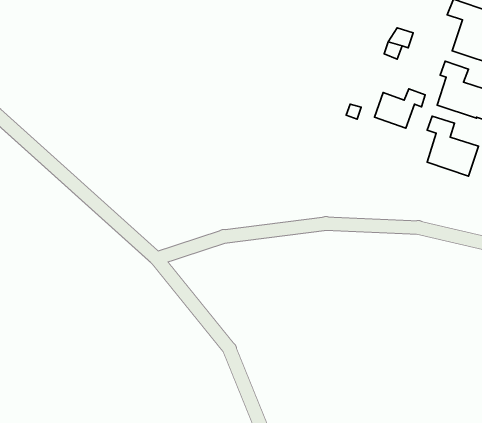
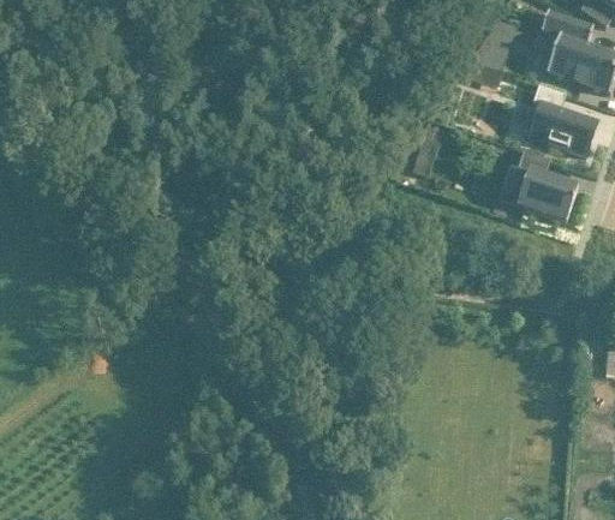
building: [374,89,425,128] -> none

